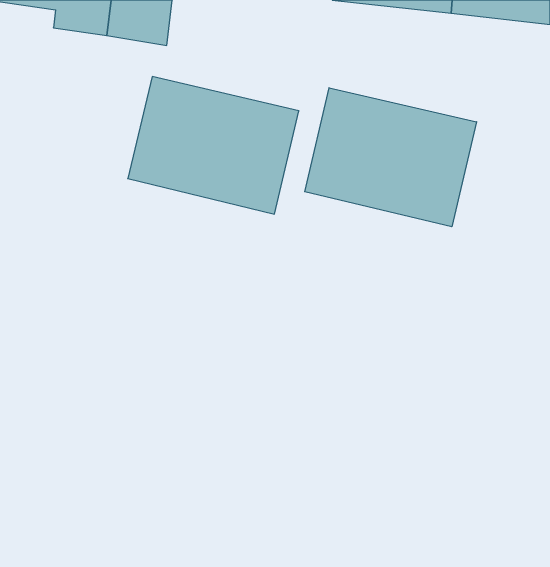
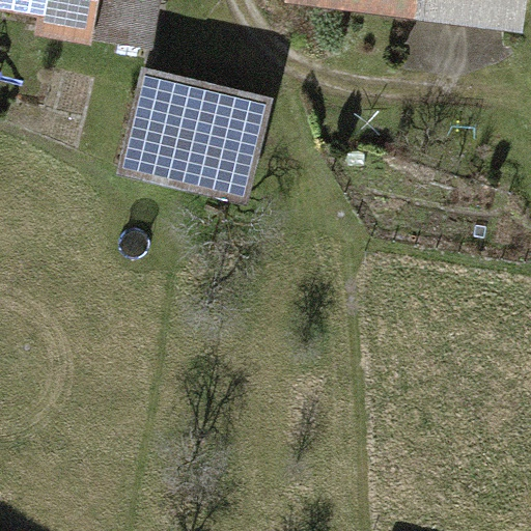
building: [305,88,477,227] -> none

